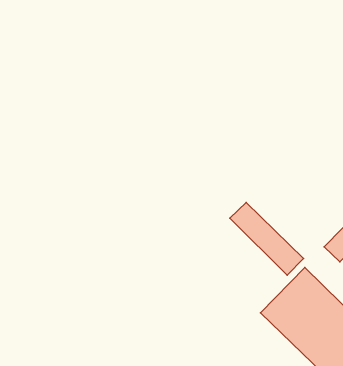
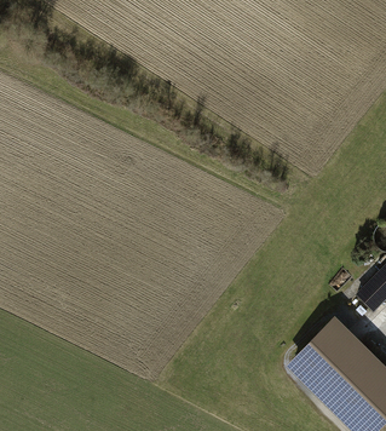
building: [230,202,304,275] -> none

